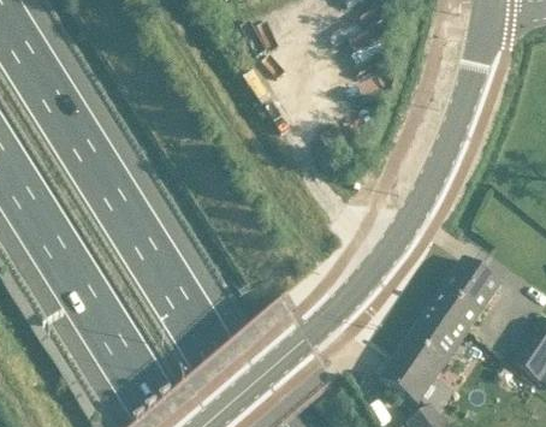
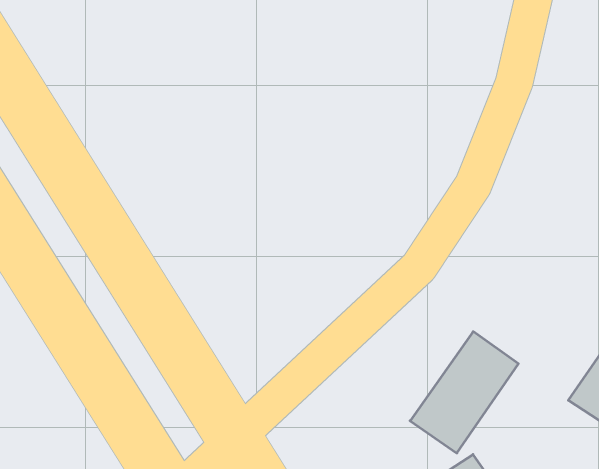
building: [434,254,504,327] -> none

